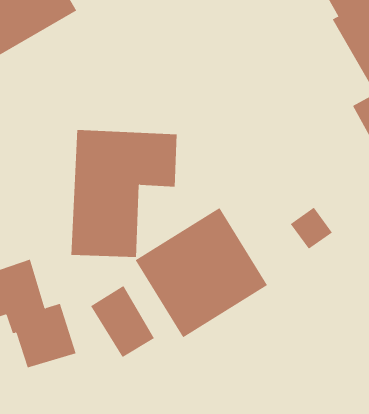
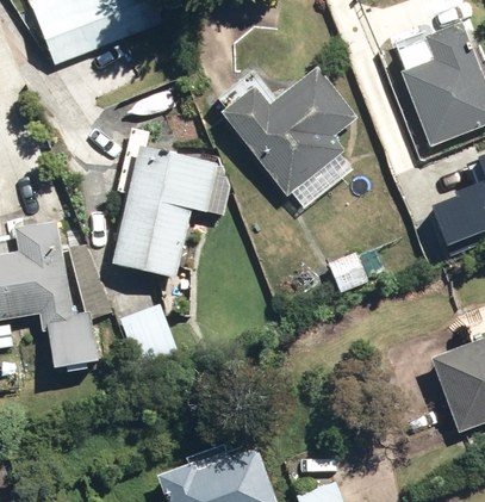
building: none -> [218,66,356,209]
building: [135,207,268,338] -> none

